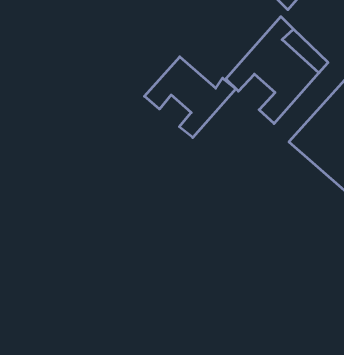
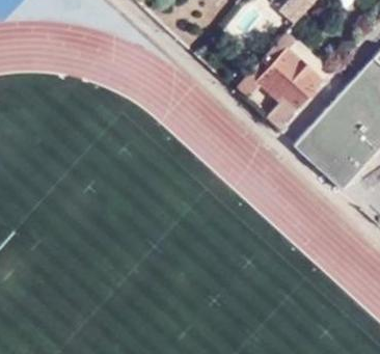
building: [144,57,236,138] -> none

